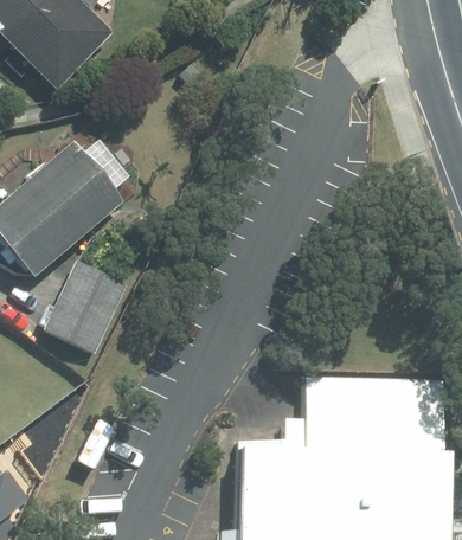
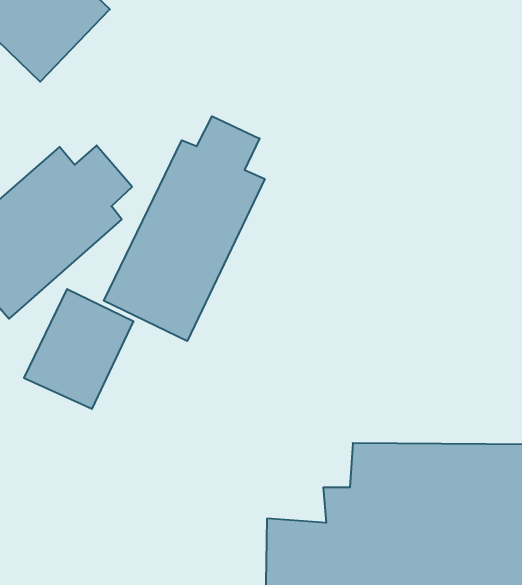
building: none -> [104,116,265,341]

